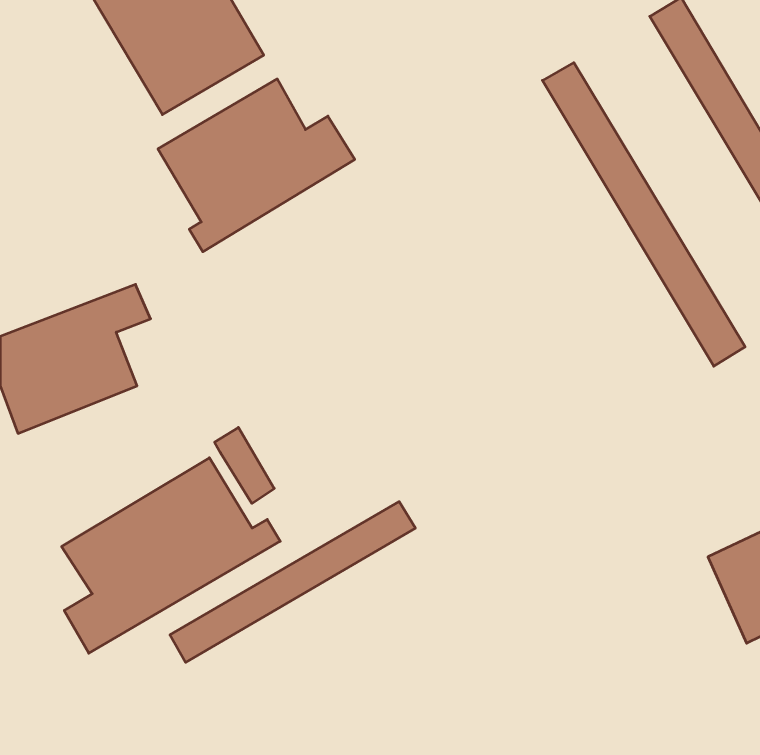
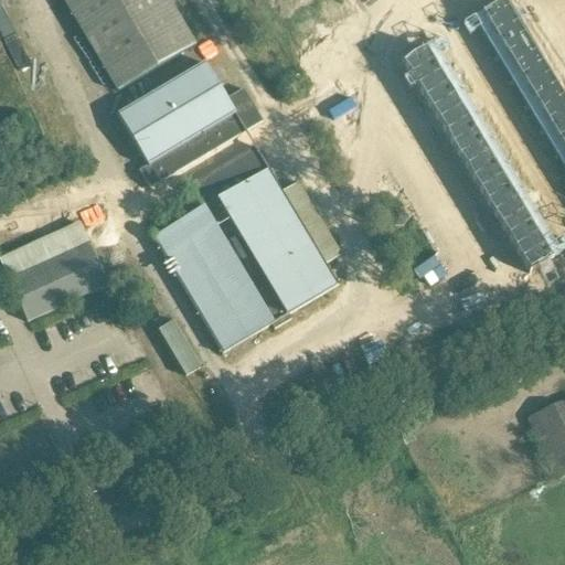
building: none -> [153,143,342,351]
building: [62,458,280,653] -> none
building: [170,502,415,662] -> none

